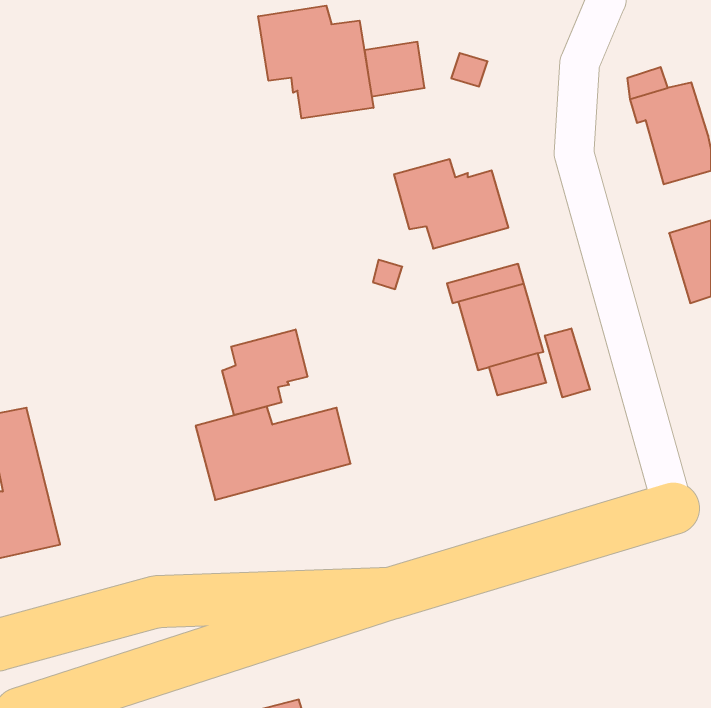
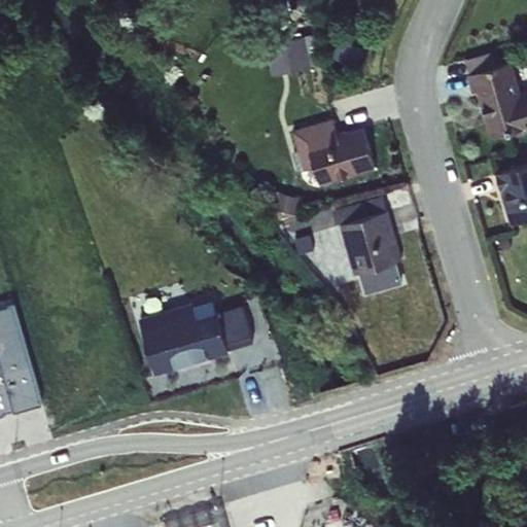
building: [258,6,373,118] -> none
building: [545,328,590,397] -> none
building: [222,329,307,415] -> none

